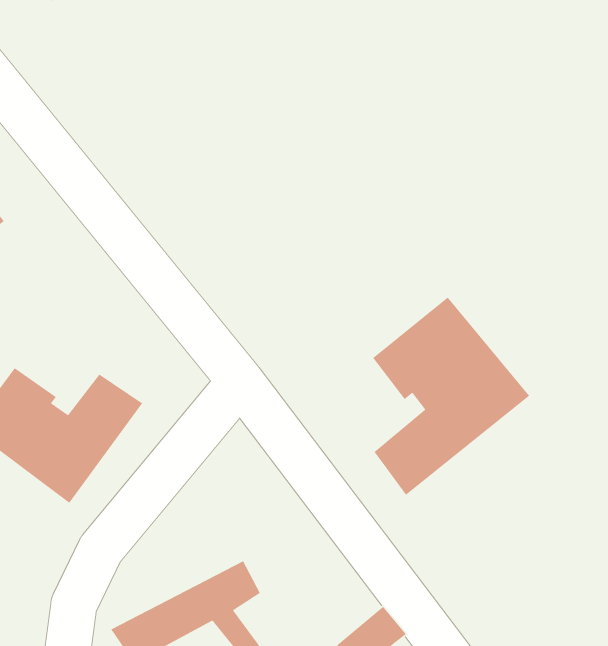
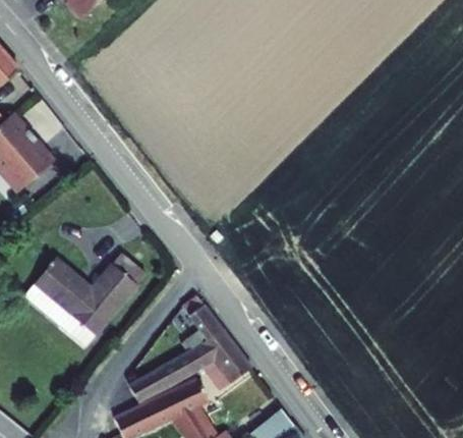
building: [372,296,530,496] -> none
building: none -> [127,292,255,407]

